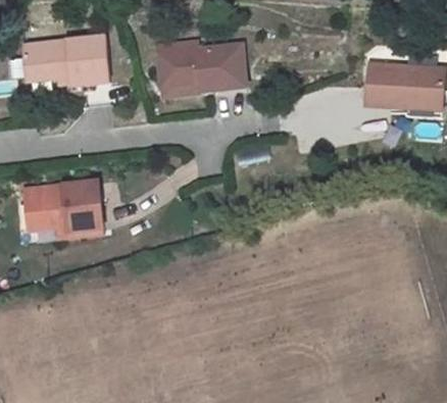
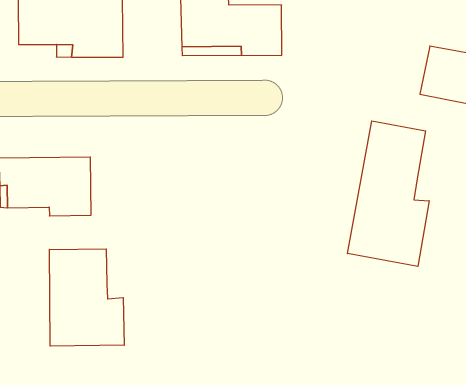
building: none -> [347,121,429,266]
building: none -> [49,249,124,346]

